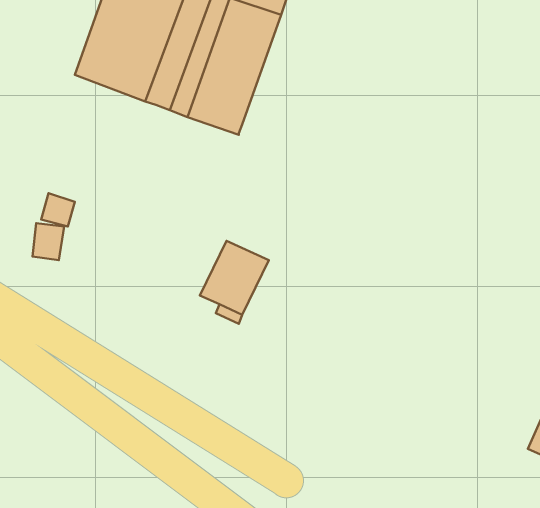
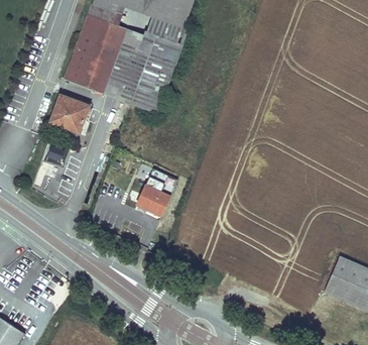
building: none -> [50,95,88,132]

